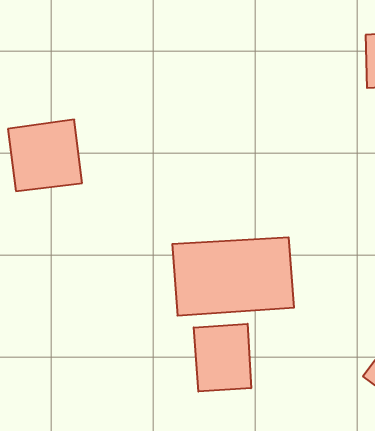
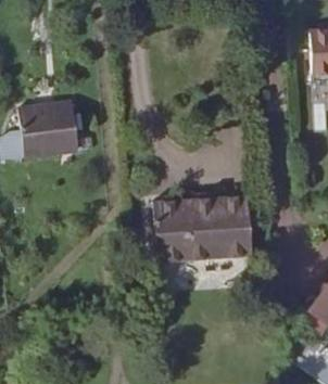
building: [194,324,251,392] -> none

